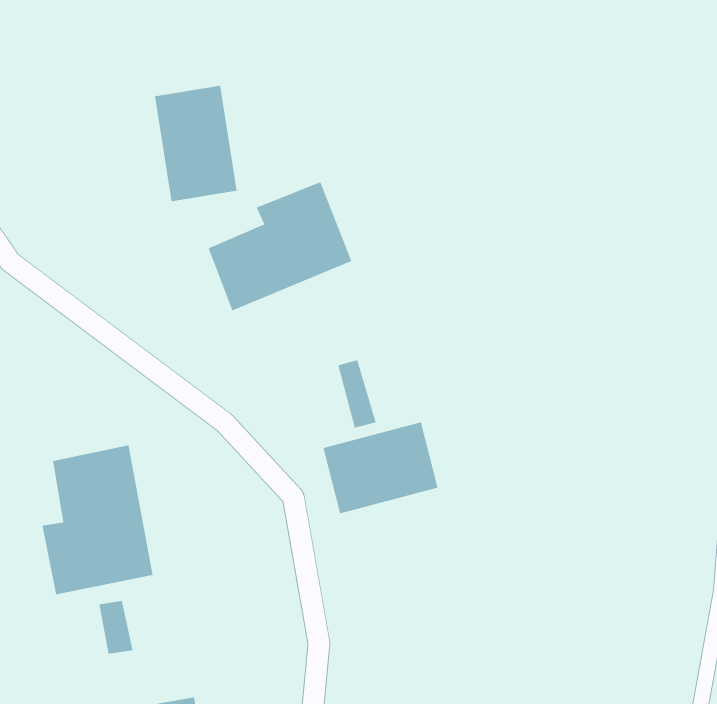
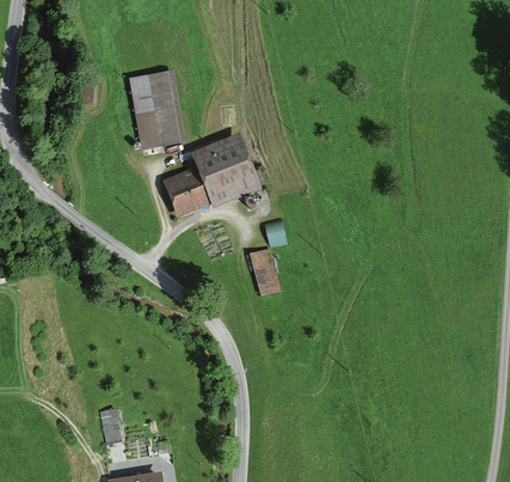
building: [323,422,438,514] -> none
building: [42,444,153,595] -> none

